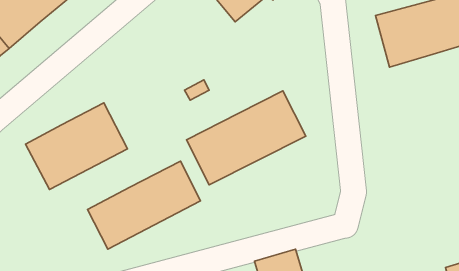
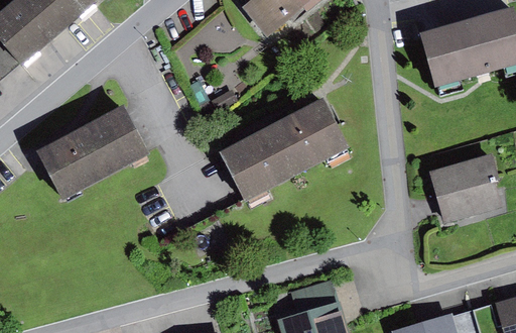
building: none -> [432,153,499,221]
building: [88,161,201,249] -> none

